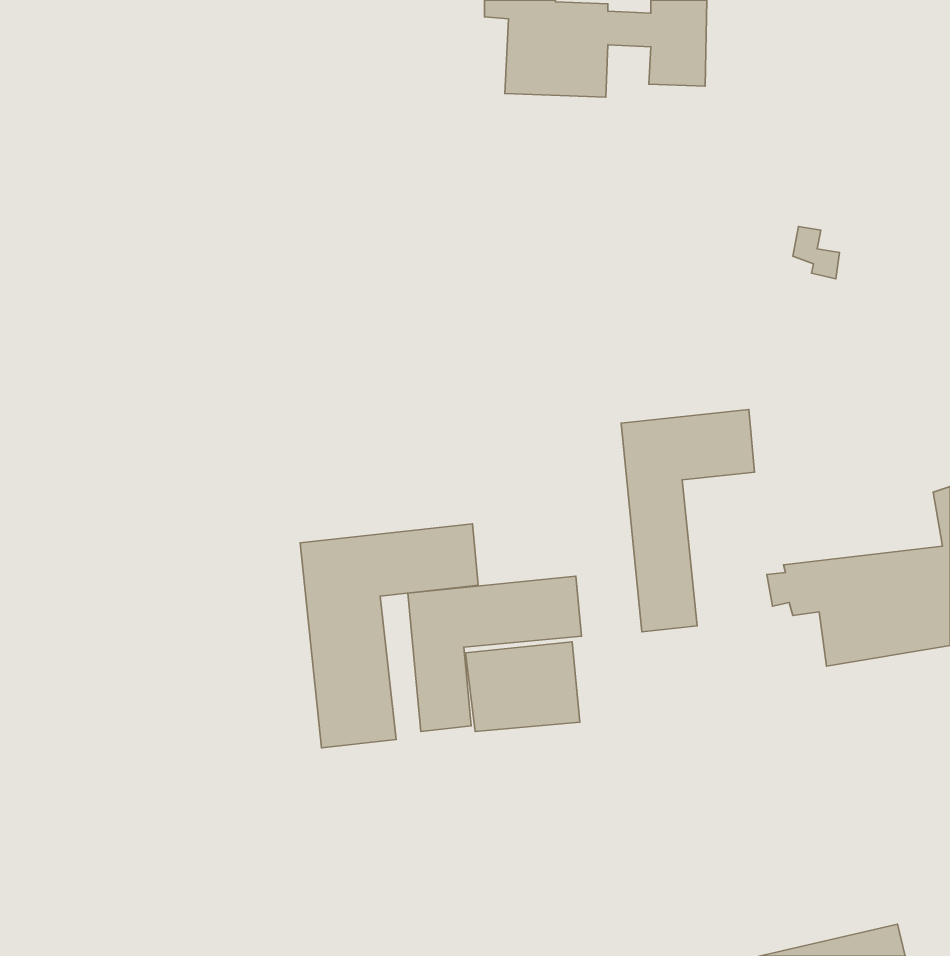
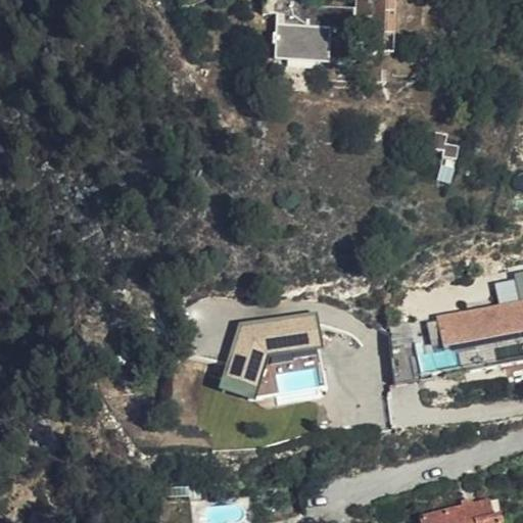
building: [621,410,755,632] -> none
building: [300,524,478,748] -> none

